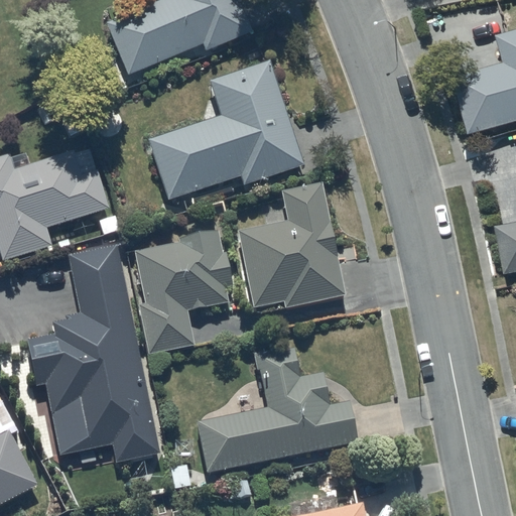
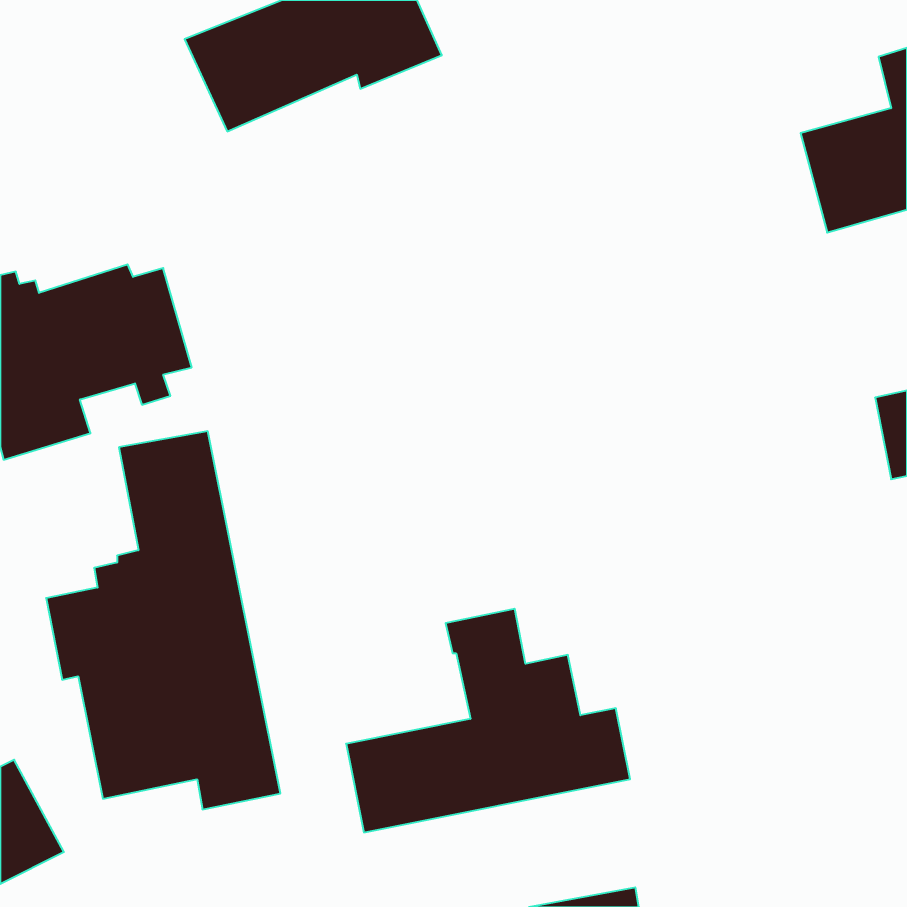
building: [149,61,302,200] -> none
building: [237,183,343,307] -> none
building: [134,230,233,355] -> none

